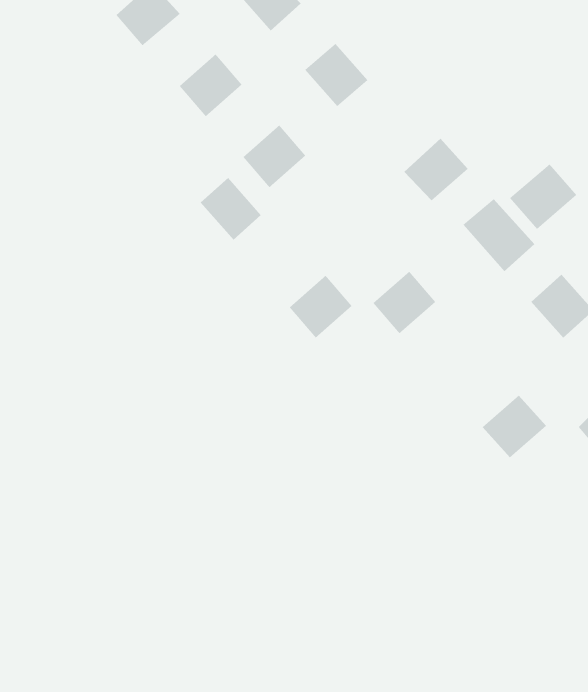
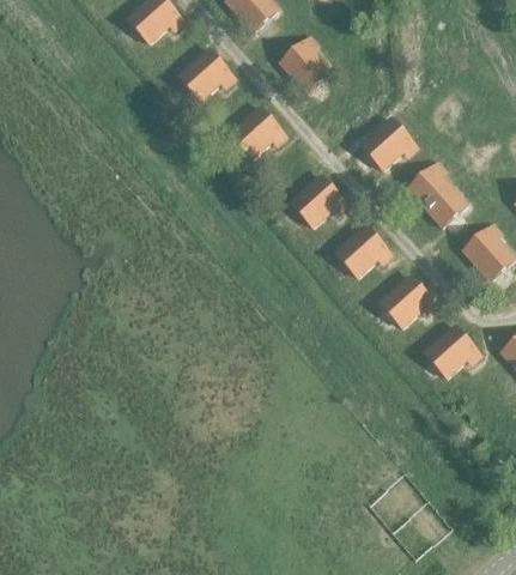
building: [509,163,577,230] -> none
building: [200,177,262,241] -> none
building: [289,275,353,338] -> [292,175,344,226]
building: none -> [381,276,433,327]

